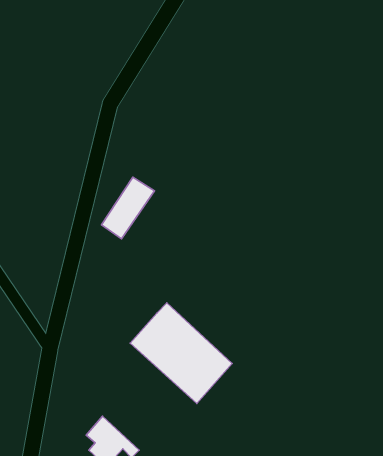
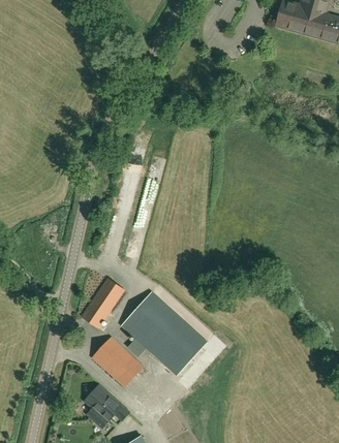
building: [101,177,154,239] -> [81,278,124,328]
building: none -> [92,337,143,386]

